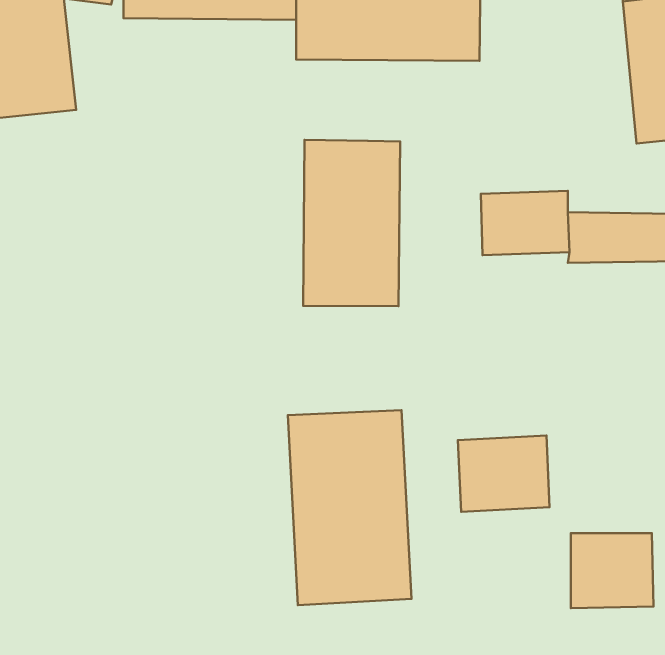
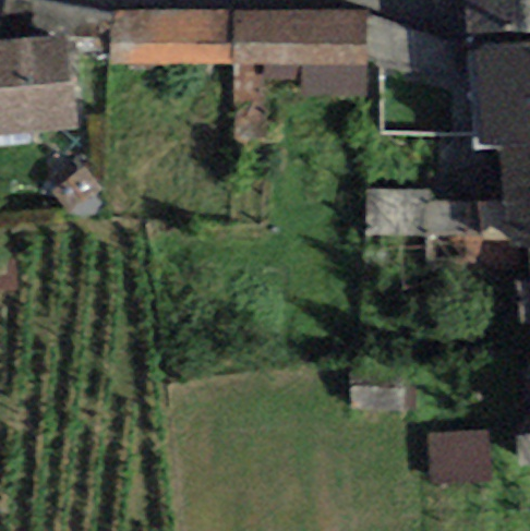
building: [303,140,400,306] -> none
building: [288,410,411,605] -> none

